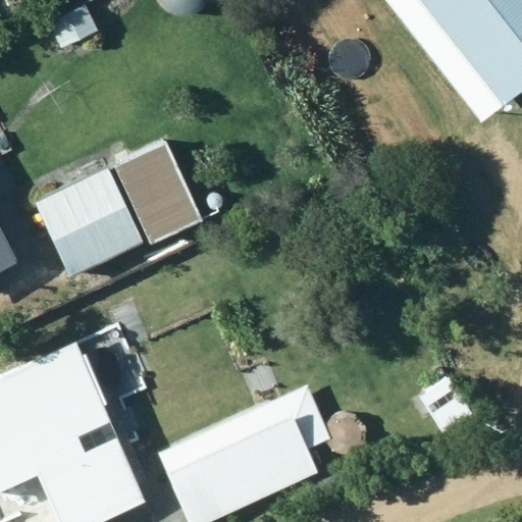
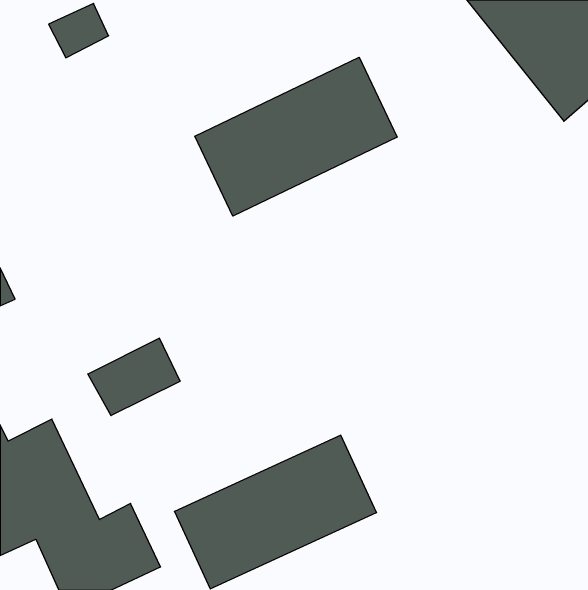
building: none -> [195,57,397,216]
building: [37,142,199,277] -> none

